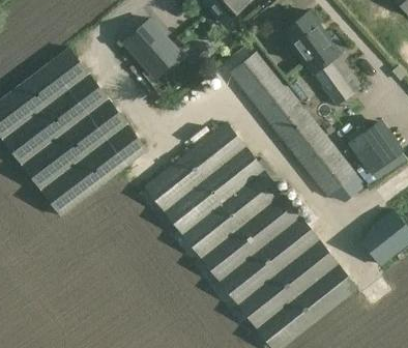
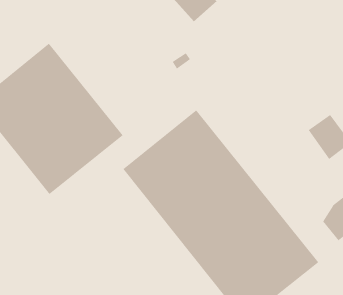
building: [283,11,379,119] -> none
building: [121,17,183,80] -> none
building: [230,51,366,202] -> none

